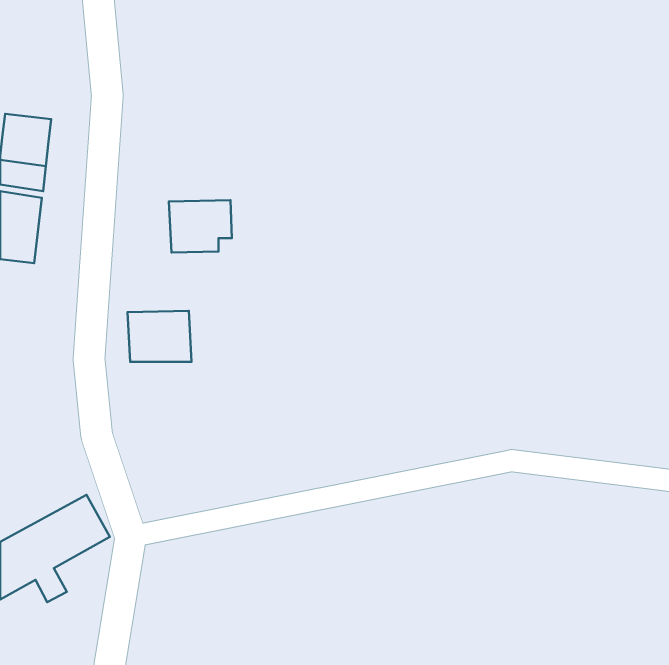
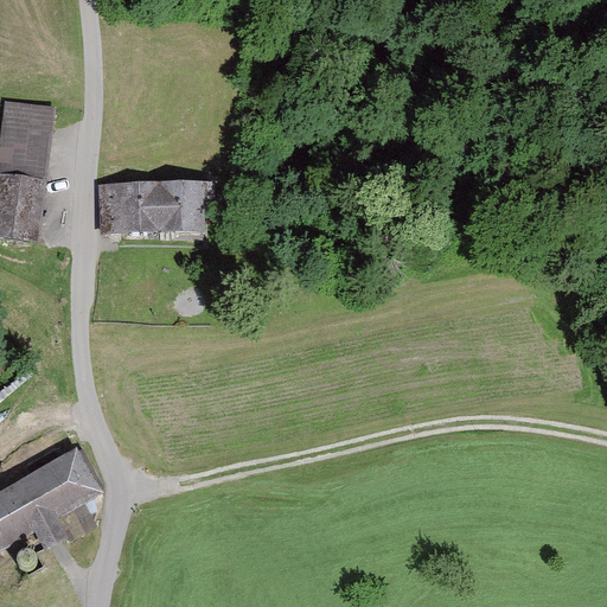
building: [127,311,192,362] -> [97,183,155,229]

